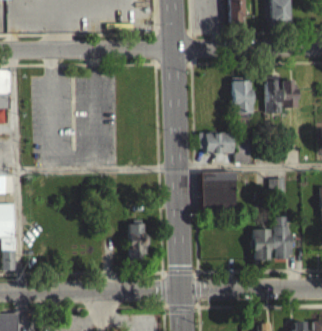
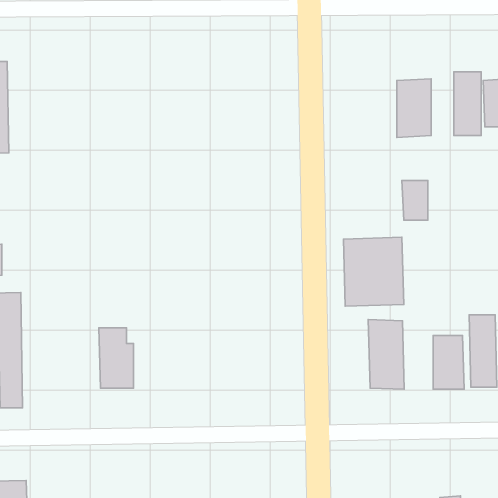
building: [199,133,233,154] -> none
building: none -> [368,320,404,389]
building: [128,224,148,259] -> [99,328,133,388]

